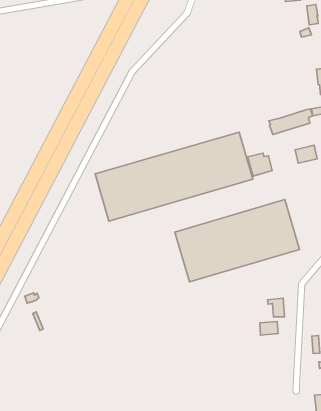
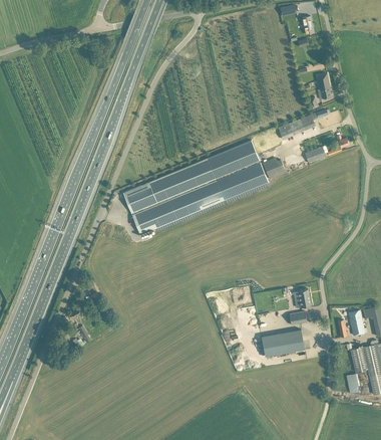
building: [175,200,299,282] -> none
building: none -> [261,329,304,357]

